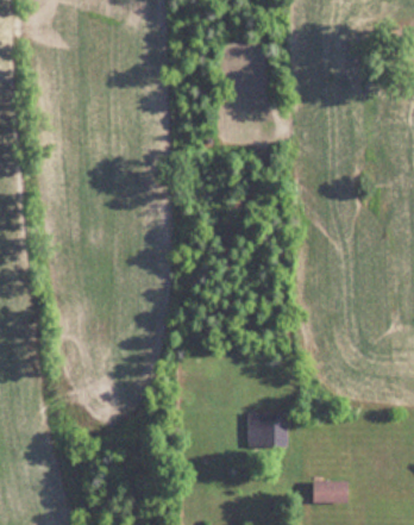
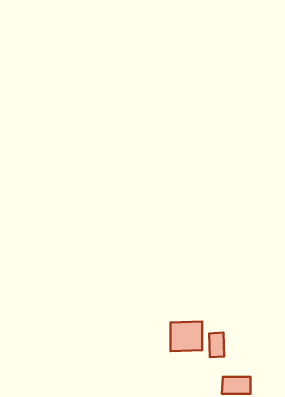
building: none -> [209,332,224,357]

